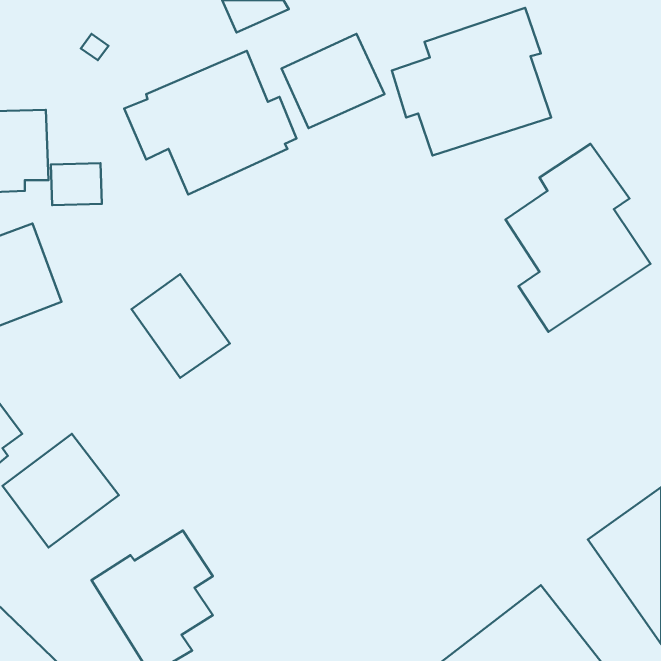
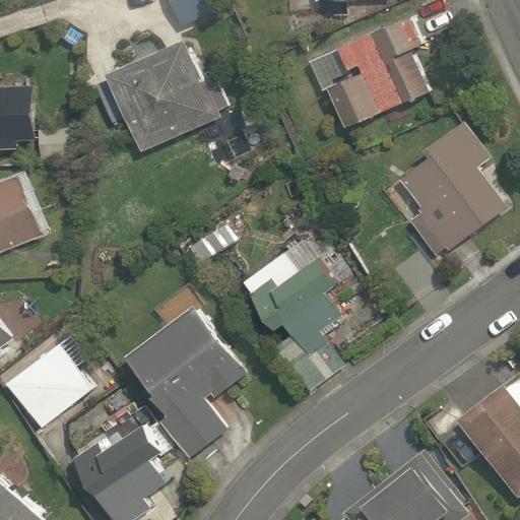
building: [282,34,385,128] -> none
building: [132,274,230,378] -> none
building: none -> [242,226,352,395]
building: none -> [123,303,244,460]

